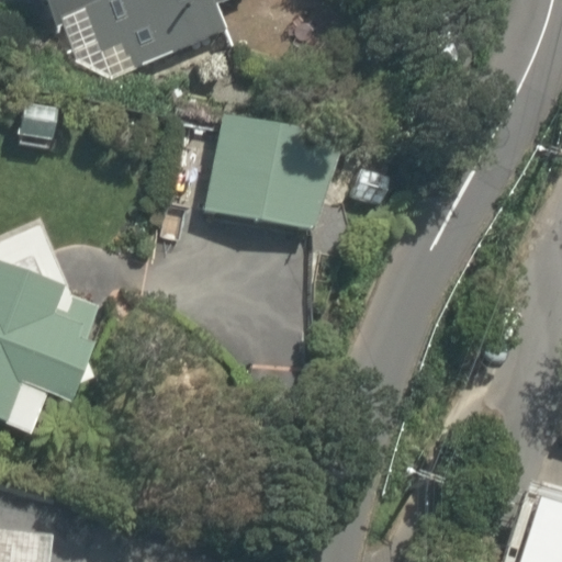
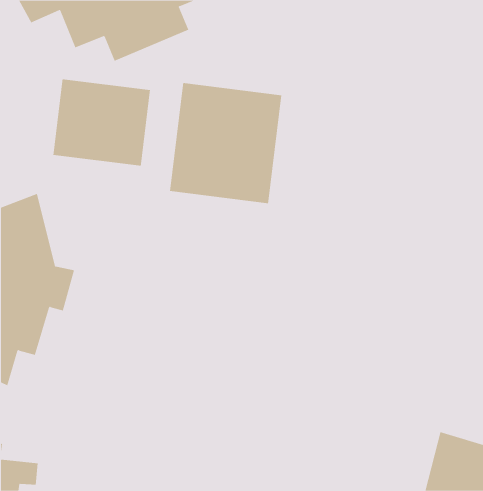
building: none -> [53,79,151,166]

